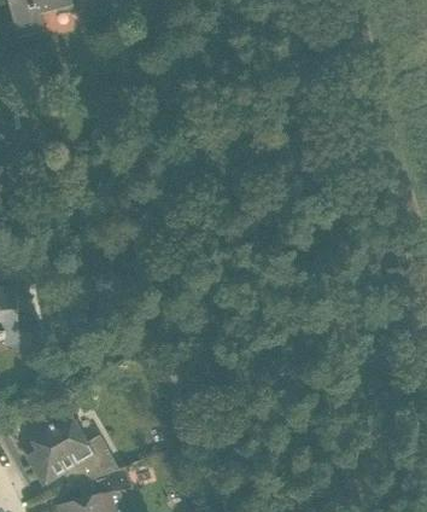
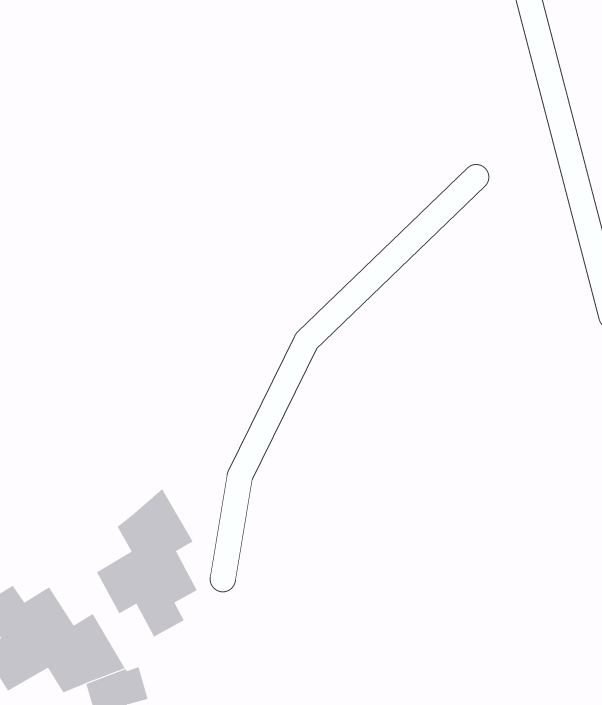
building: none -> [96,488,197,638]

